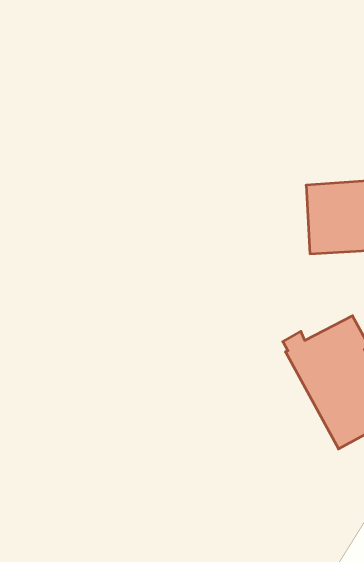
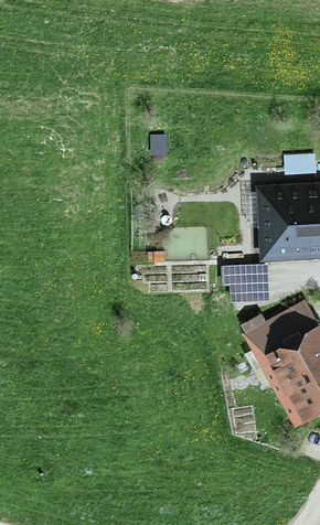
building: none -> [223,267,266,302]

